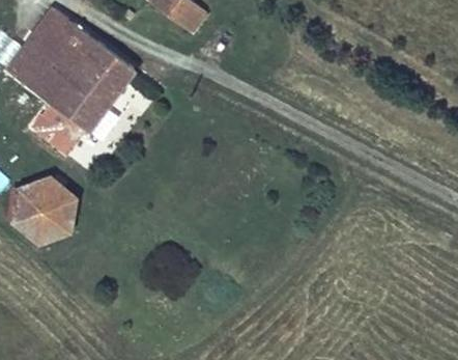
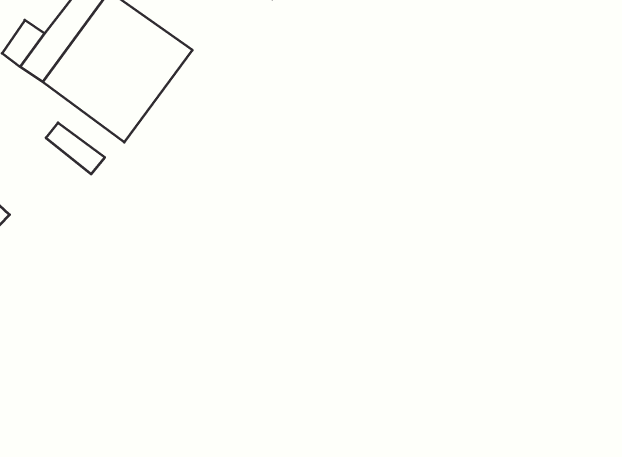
building: [12,177,76,244] -> none

